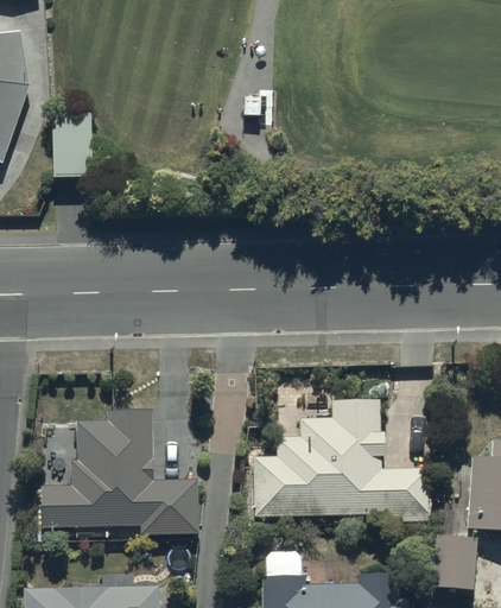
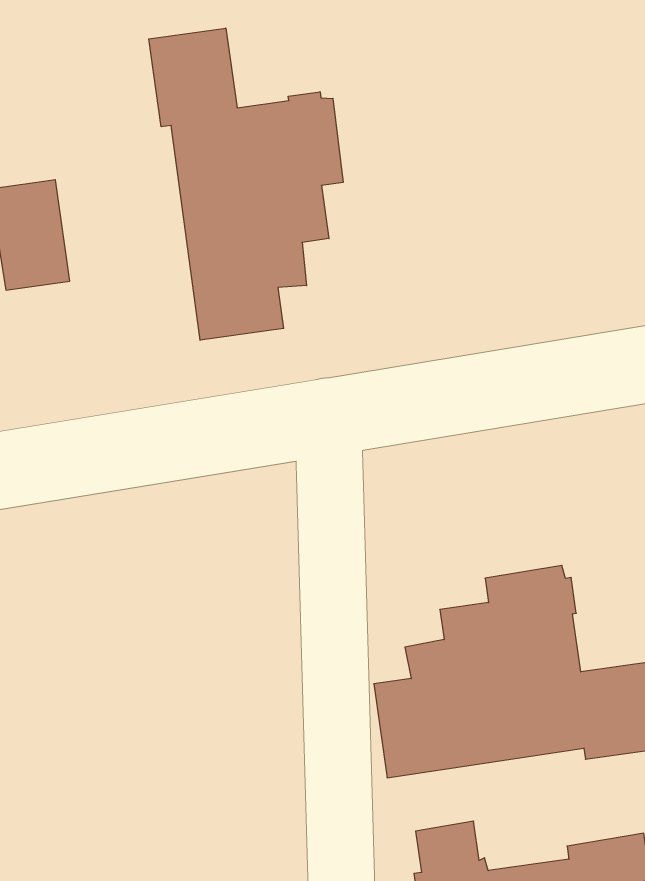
building: none -> [149,28,343,340]
building: [38,411,197,536] -> none

